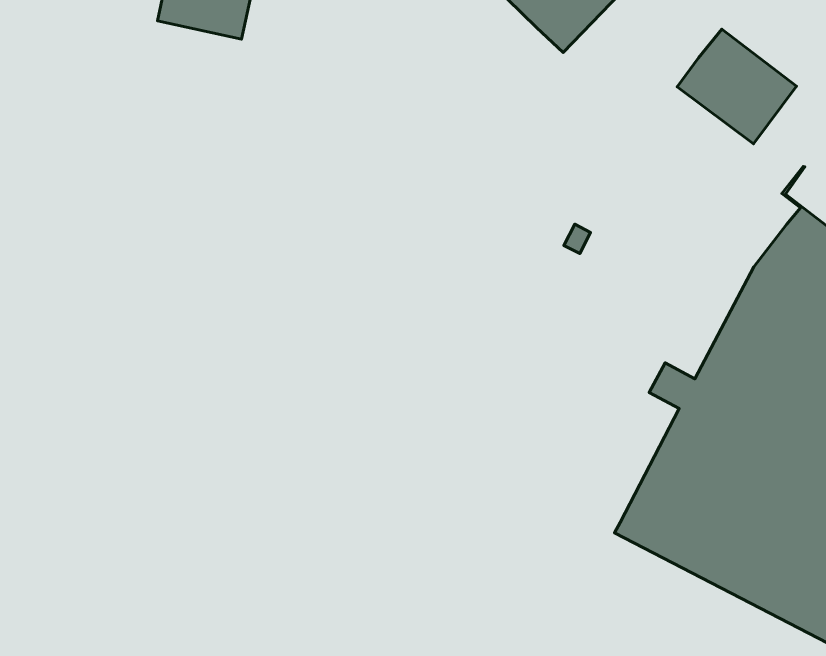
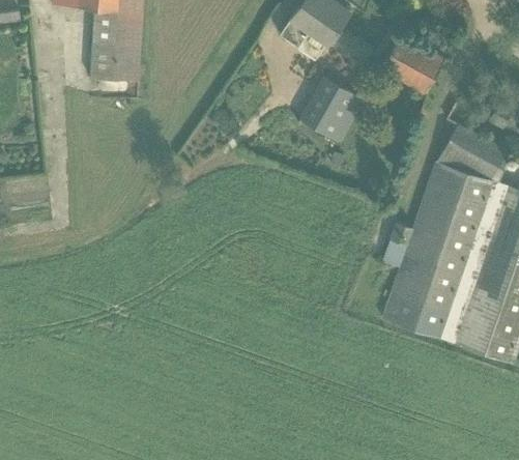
building: none -> [298,77,363,142]

